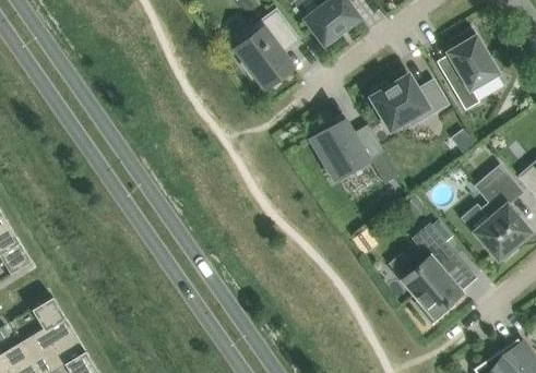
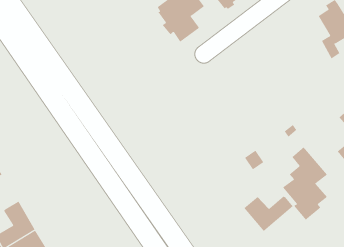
building: [371,75,446,129] -> none
building: [310,118,383,175] -> none
building: none -> [244,195,294,232]

